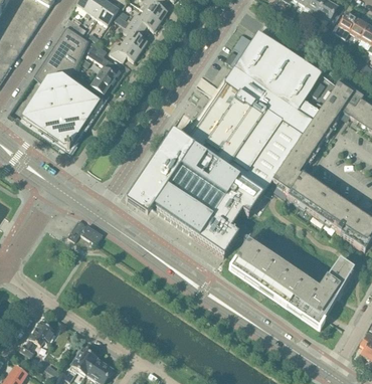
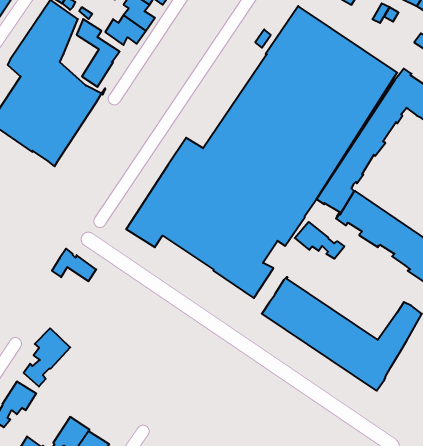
building: none -> [295,222,344,259]
building: none -> [24,328,70,387]

